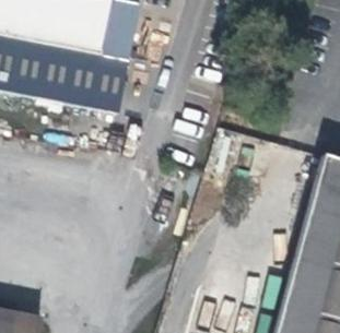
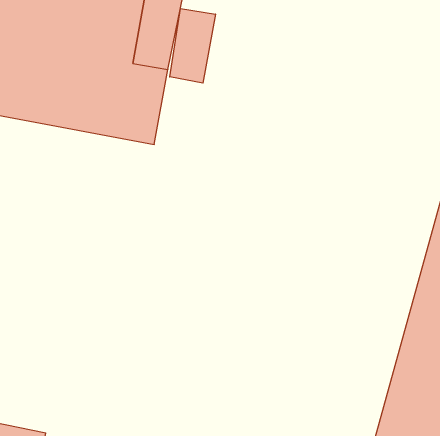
building: none -> [170,9,215,83]

